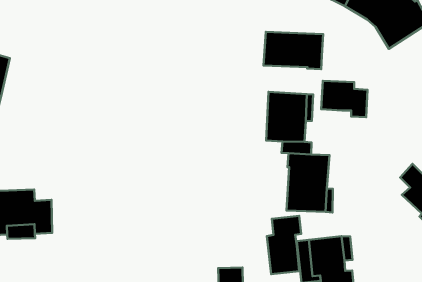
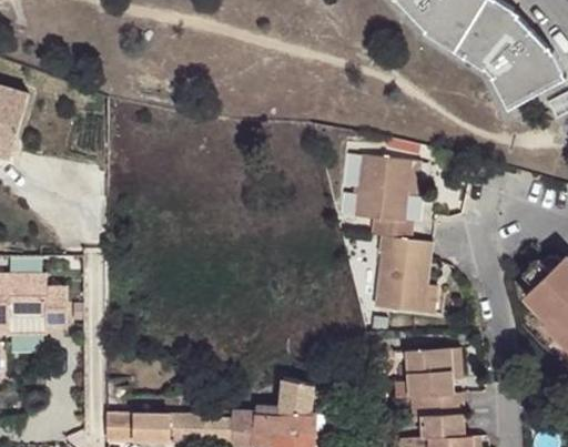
building: [263,32,323,69] -> none
building: [321,81,368,117] -> none
building: [267,216,301,274] -> none

